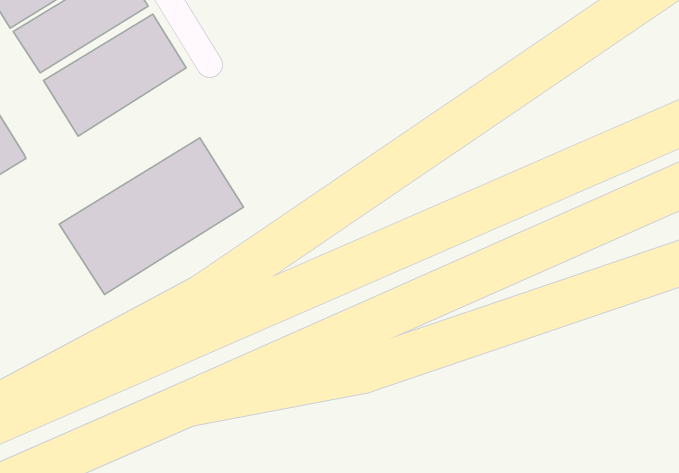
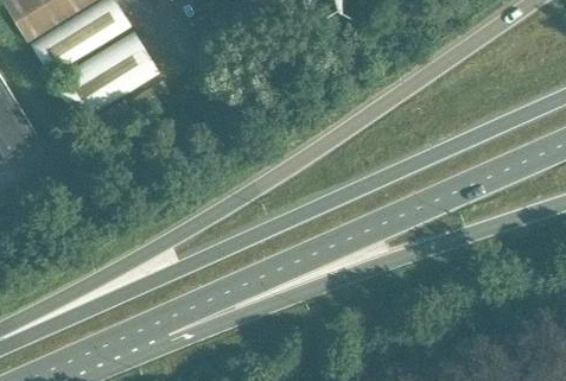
building: [59,138,244,295] -> none

